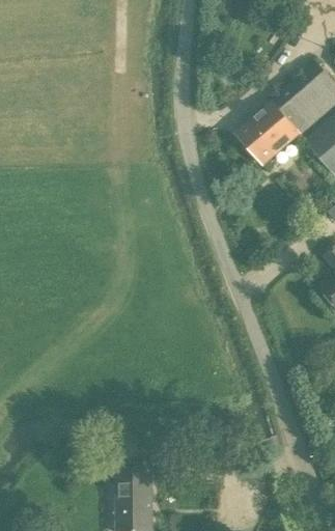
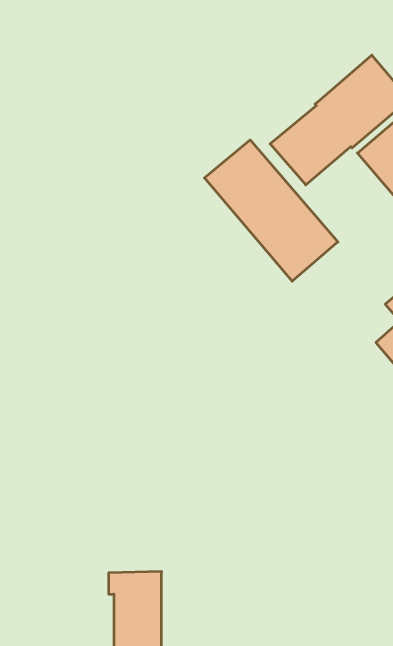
building: none -> [204,140,338,281]

